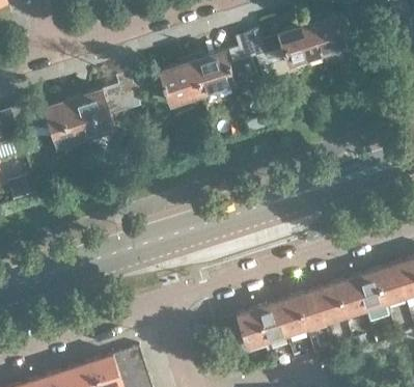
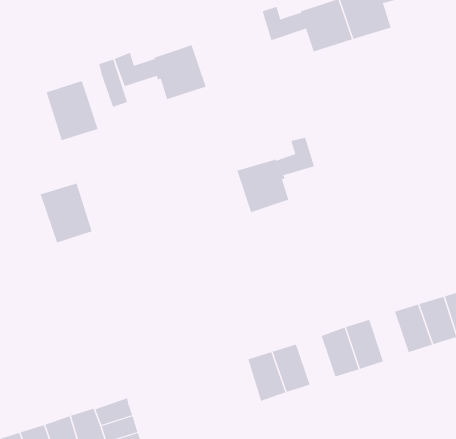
building: [191,35,254,96] -> [237,137,315,213]
building: [43,101,85,149] -> [40,183,93,243]
building: [334,278,365,319] -> none
building: [275,298,306,337] -> none

